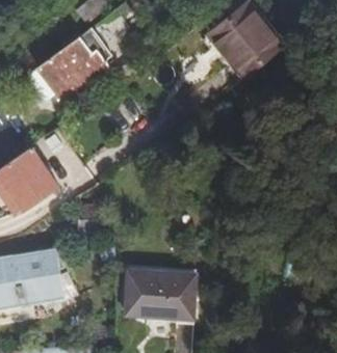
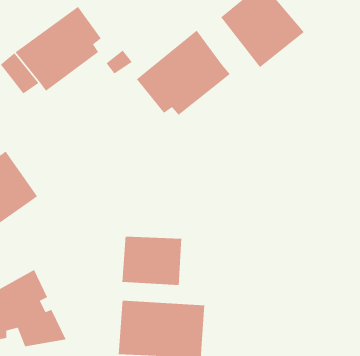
building: none -> [136,29,231,116]
building: none -> [121,236,182,286]

